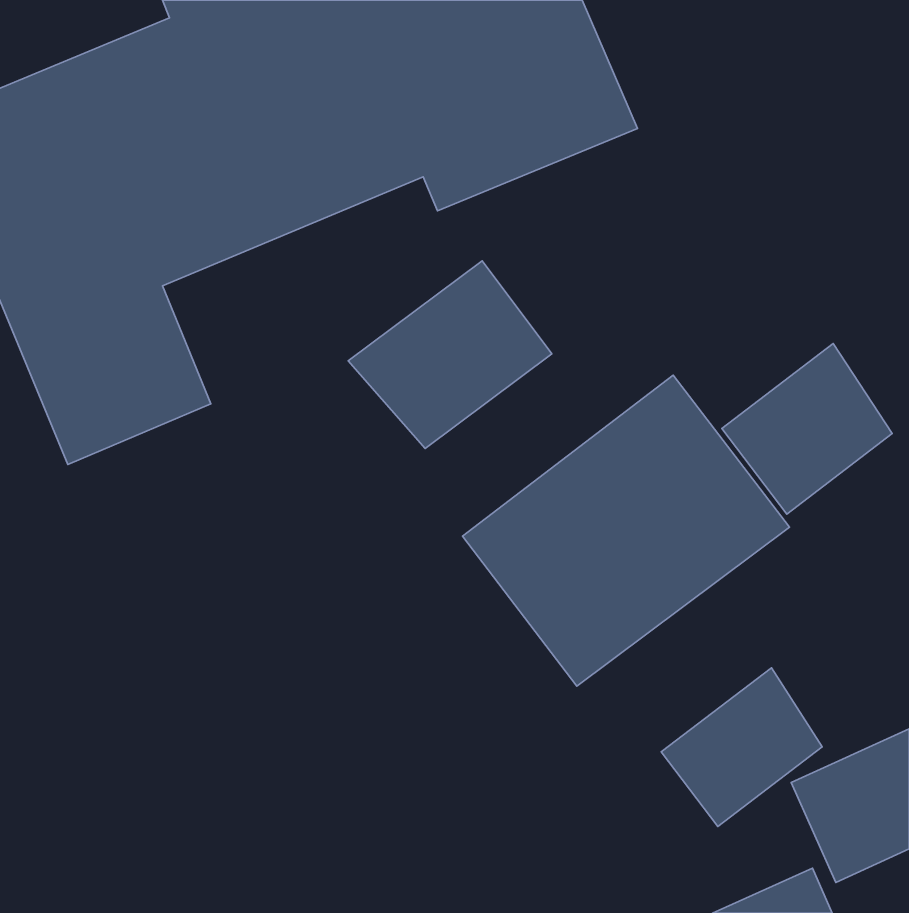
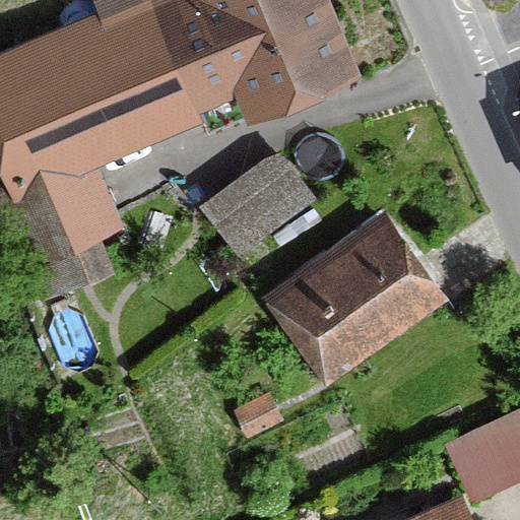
building: [722,344,892,514] -> none
building: [661,668,822,826] -> none

